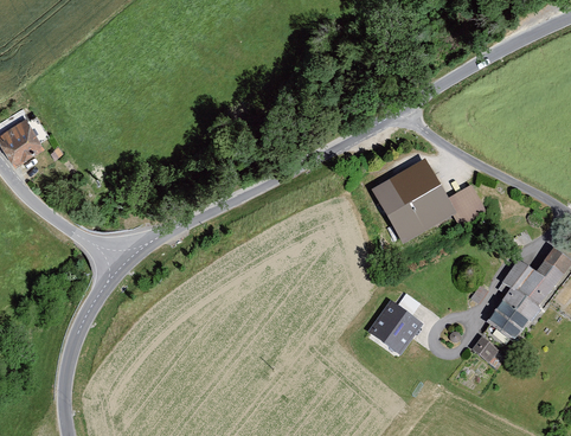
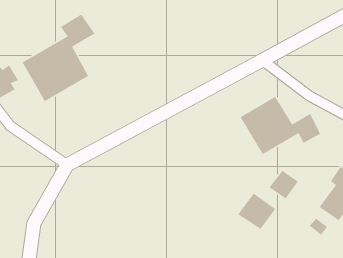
building: none -> [22,14,95,102]
building: none -> [268,170,299,199]

